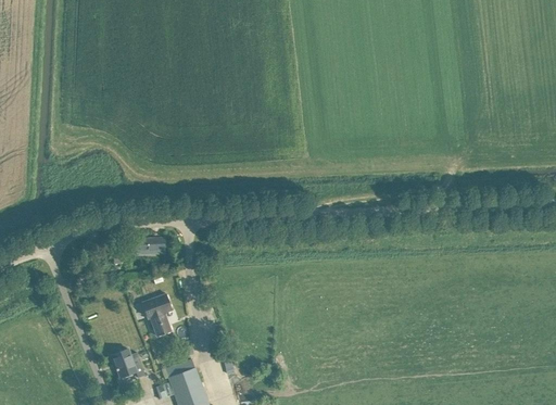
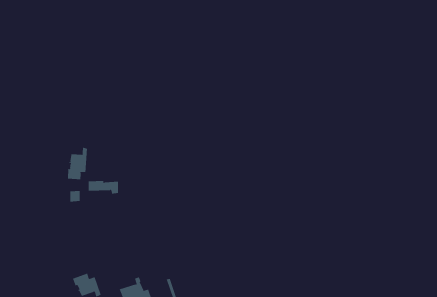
building: none -> [67,147,87,180]
building: [141,294,172,337] -> none

